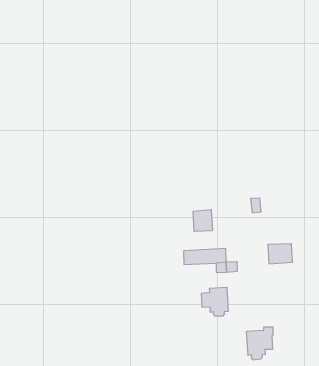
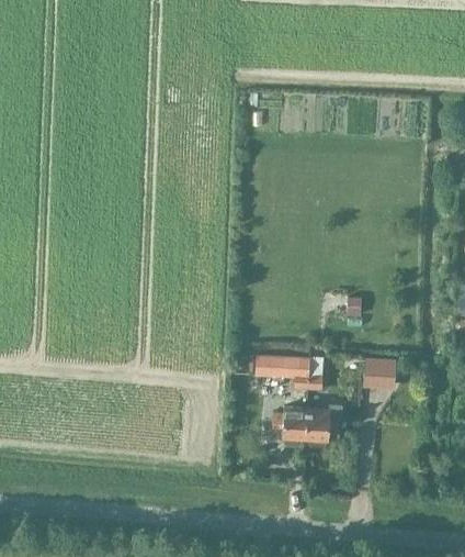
building: [193,209,212,232] -> none
building: [246,327,273,360] -> [306,403,342,444]

